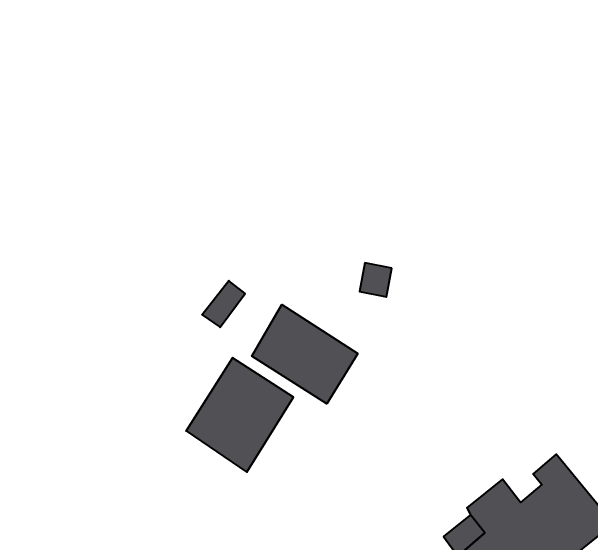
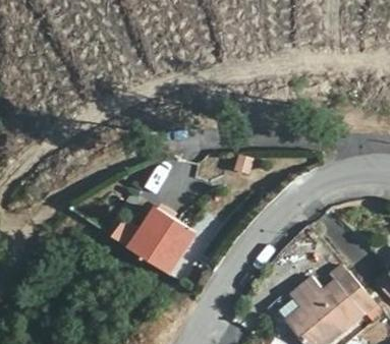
building: [252,305,358,404] -> none

